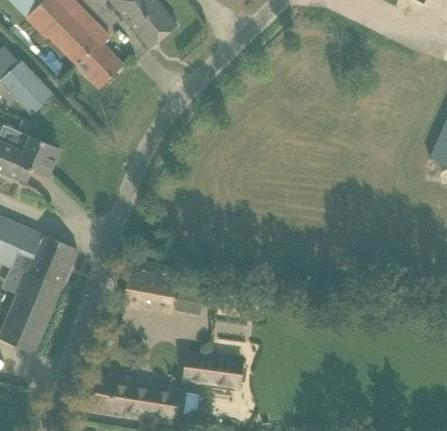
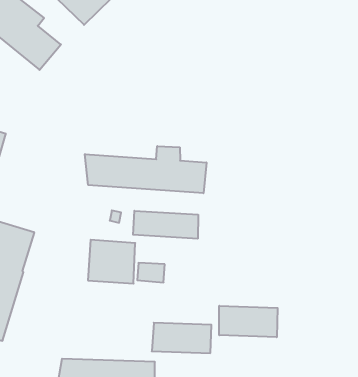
building: none -> [85,146,206,193]
building: none -> [133,211,198,239]
building: none -> [219,306,278,337]

